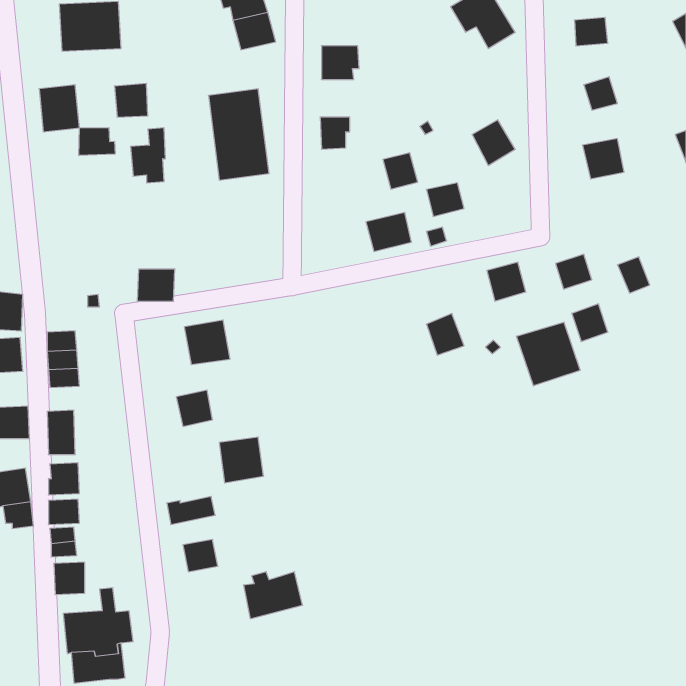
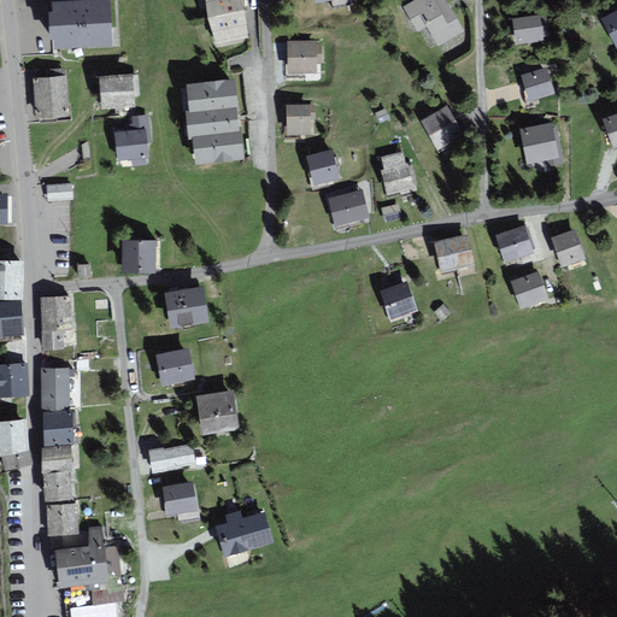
building: [79,128,115,156] -> none
building: [383,153,418,189] -> [307,151,339,183]
building: [517,322,580,386] -> none

